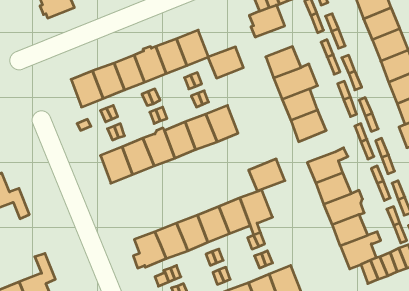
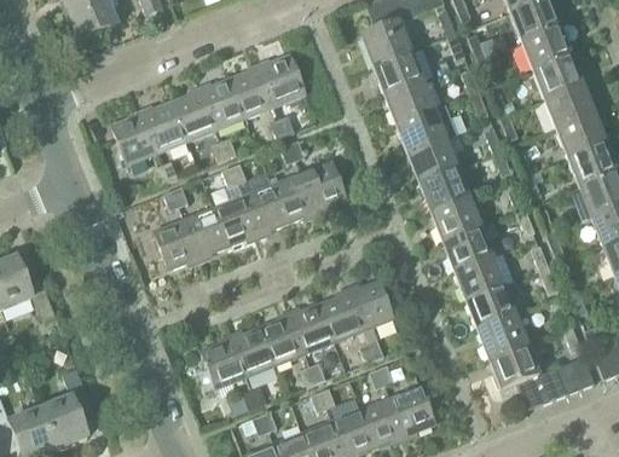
building: [208,47,243,78] -> [372,50,422,93]
building: [249,159,285,191] -> [430,196,481,241]

